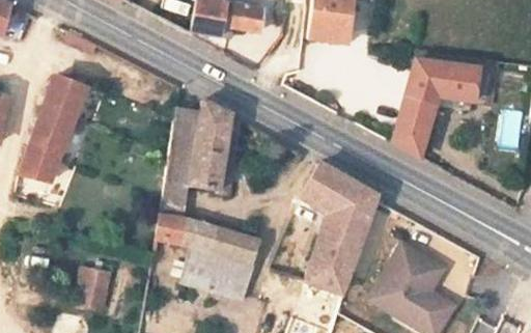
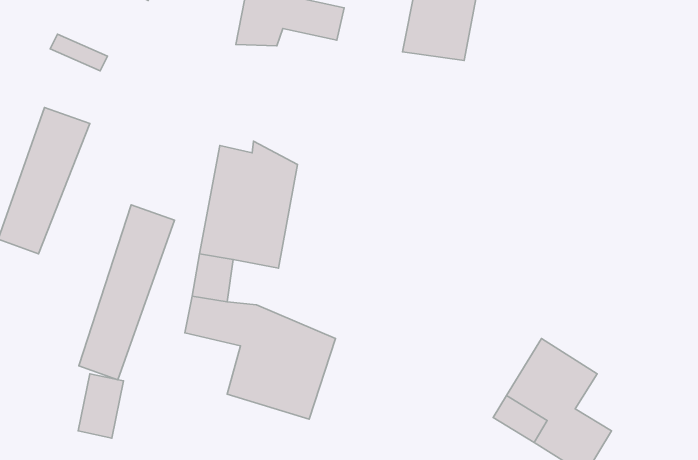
building: [397,55,472,156] -> none
building: none -> [79,205,175,380]
building: [301,164,378,293] -> none

